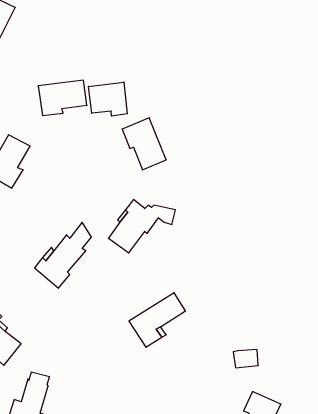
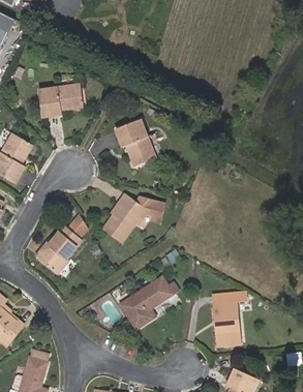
building: [89,82,127,116] -> none
building: none -> [213,293,245,330]

